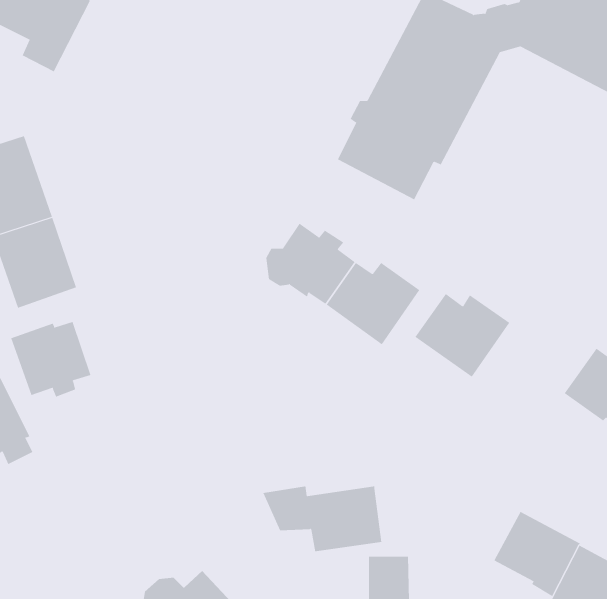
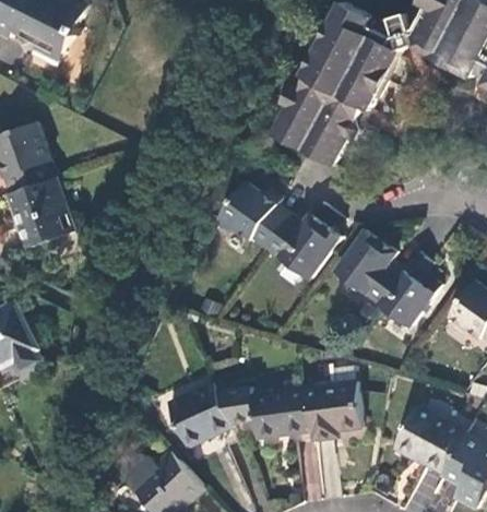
building: none -> [377,251,438,328]
building: [10,321,91,398] -> none
building: none -> [166,382,231,449]
building: none -> [302,382,360,440]

